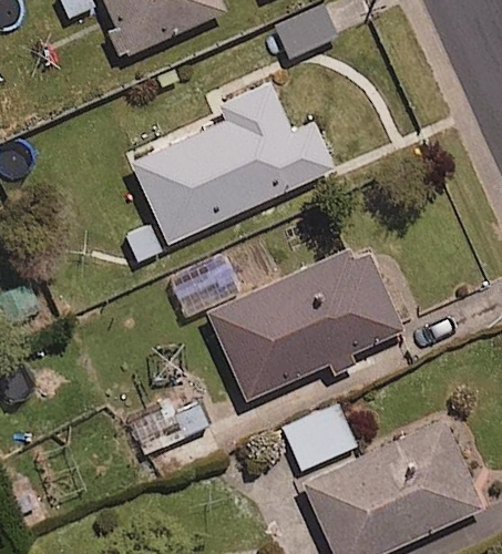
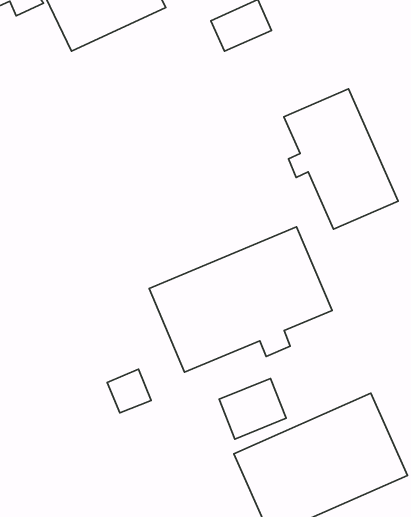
building: [133,83,330,242] -> none
building: none -> [284,89,398,229]

